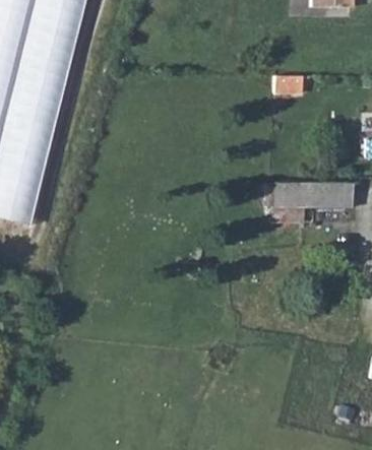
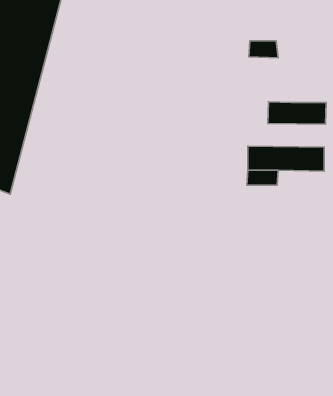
building: none -> [268,102,326,124]

